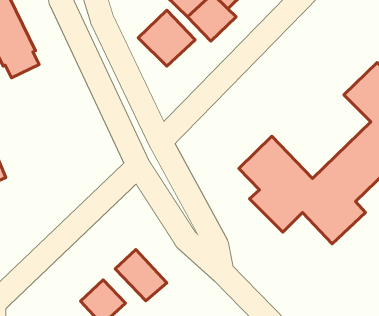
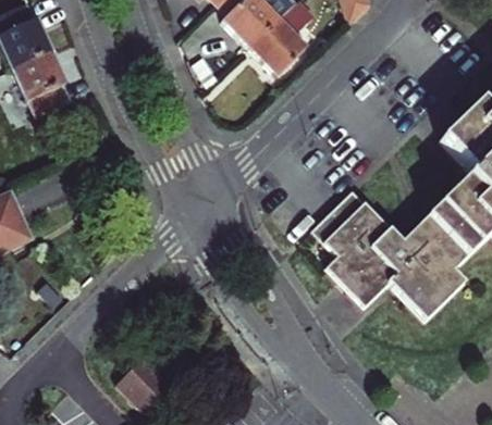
building: [138,10,195,66] -> none
building: [115,250,167,301] -> none

